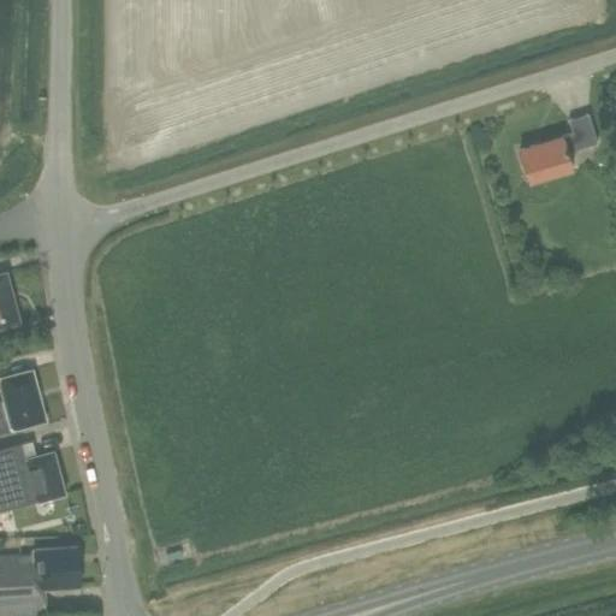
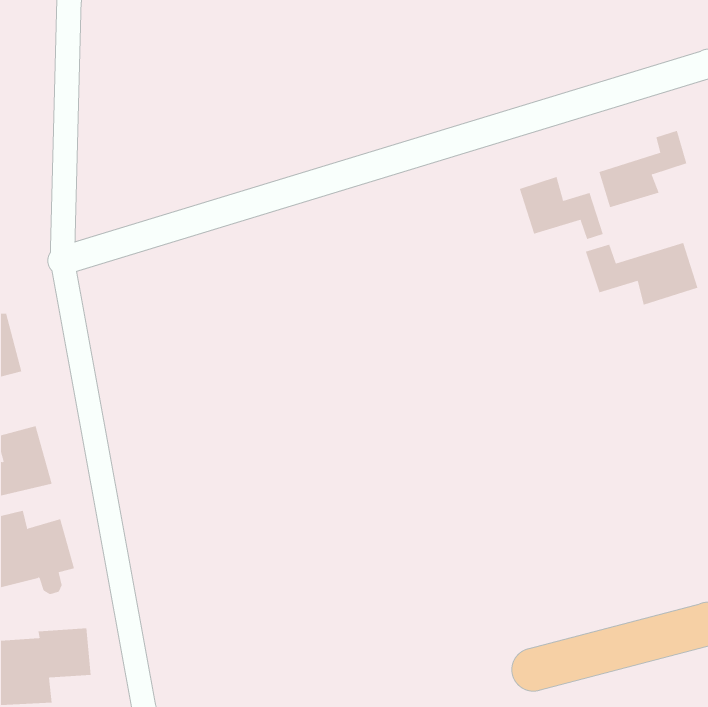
building: none -> [519,176,604,240]
building: none -> [585,242,698,306]

